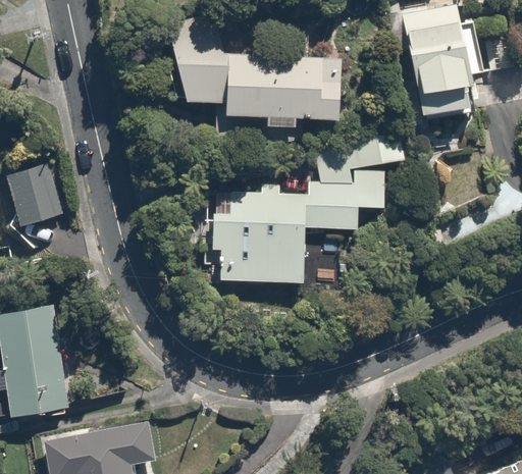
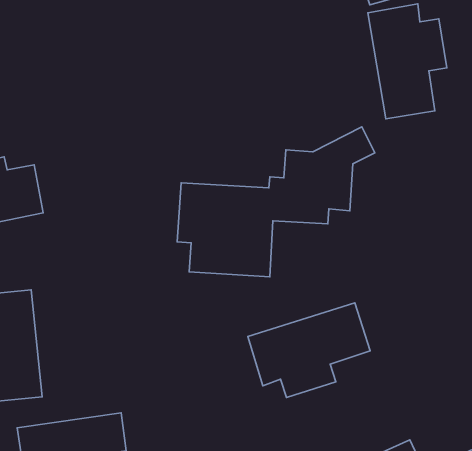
building: [162,20,342,131] -> none
building: none -> [248,303,370,398]

